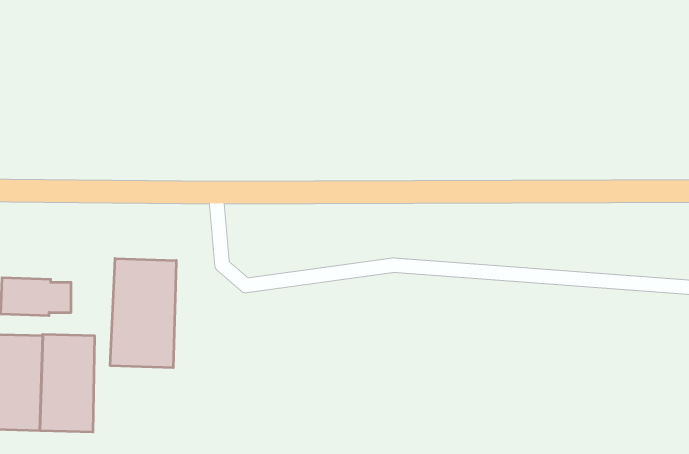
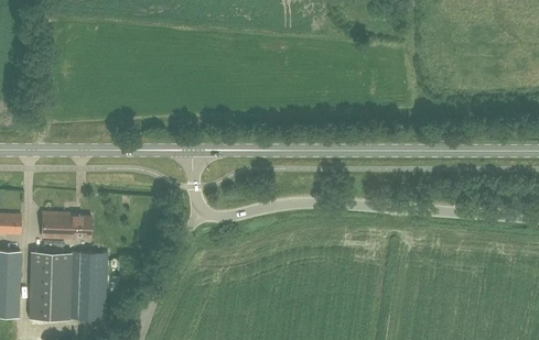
building: [110,258,176,368] -> none

